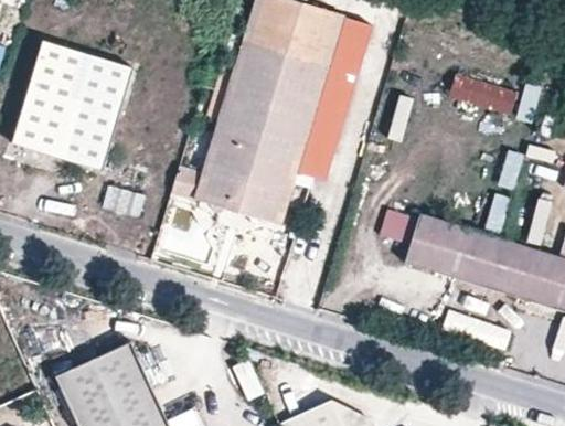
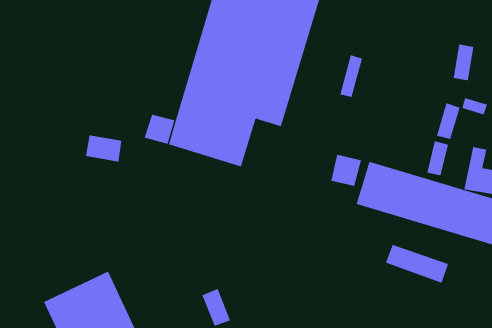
building: [11,40,128,167] -> none
building: [449,76,520,116] -> none

